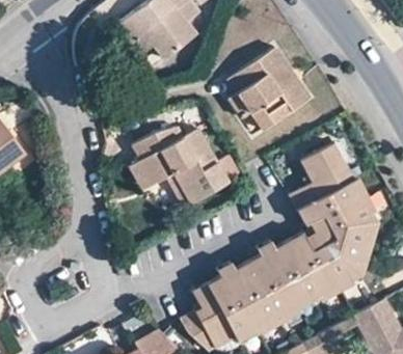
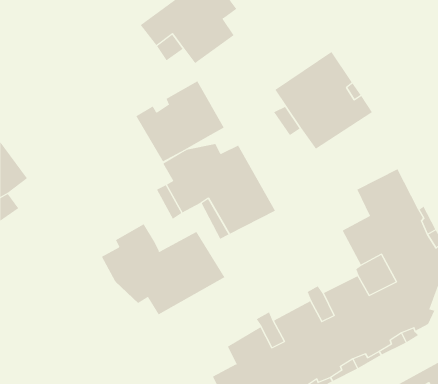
building: none -> [136,81,224,162]
building: none -> [101,224,225,315]

